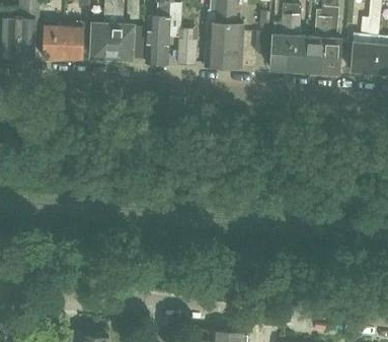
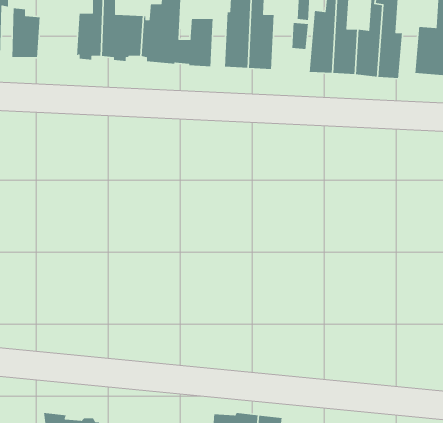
building: [61,21,83,60] -> none

